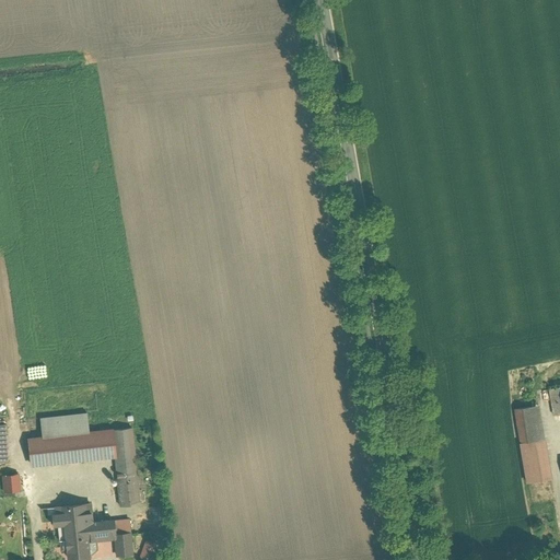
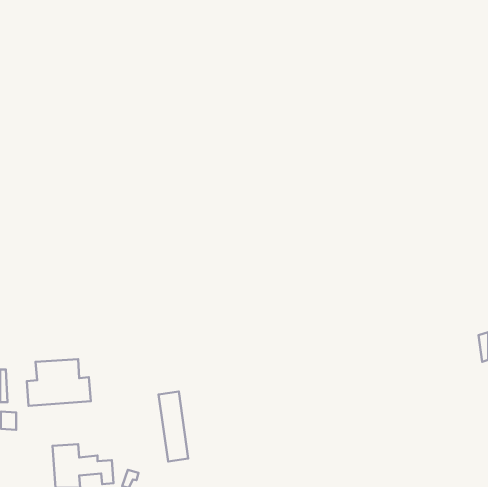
building: [513,406,552,483] -> none
building: [110,432,144,512] -> [159,392,188,461]

